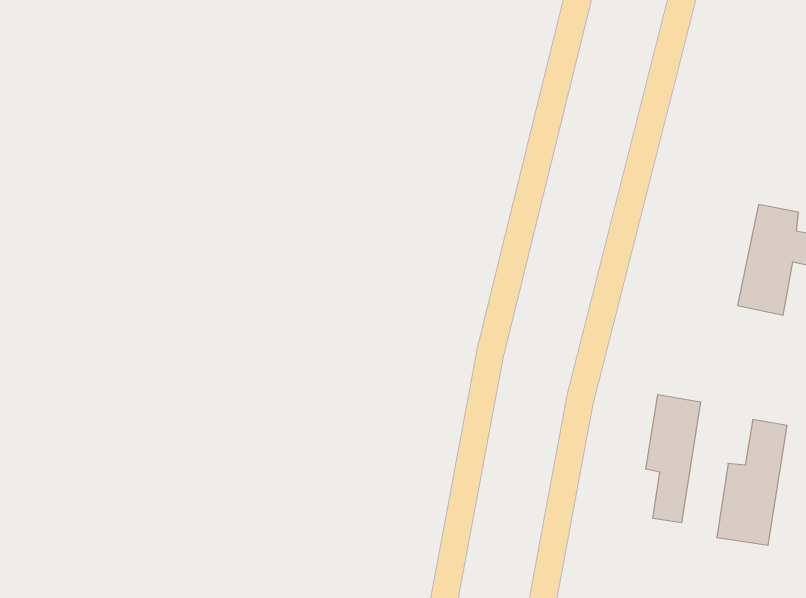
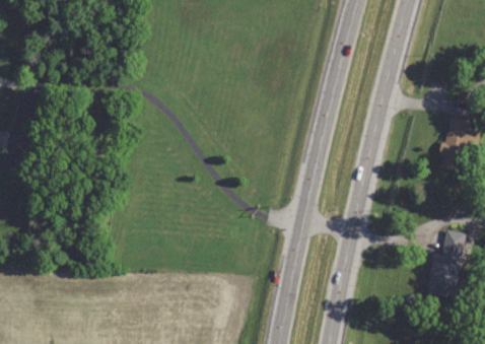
building: [646,394,701,523] -> none

